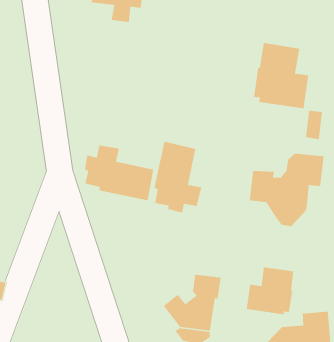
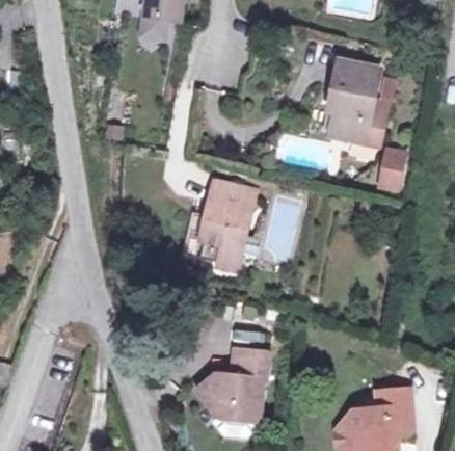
building: [84,145,154,201] -> none
building: [249,153,324,227] -> none
building: [246,267,294,315] -> none

